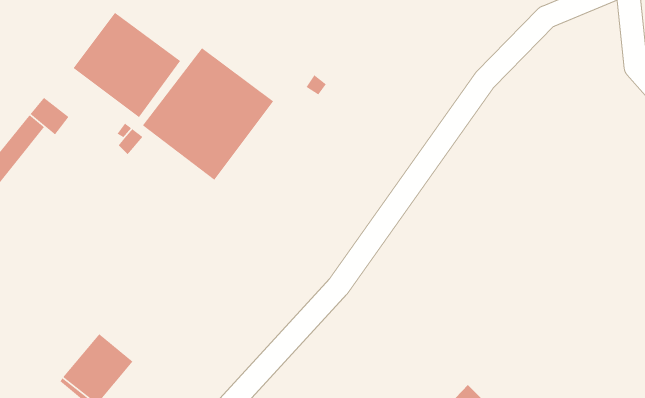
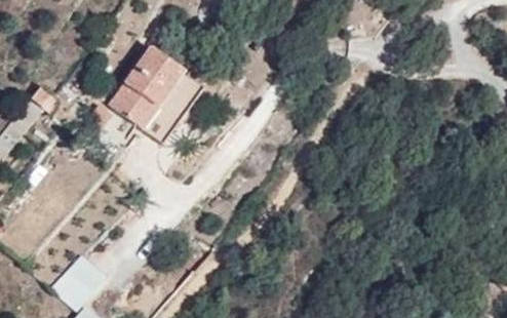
building: [72,12,181,118] -> none

